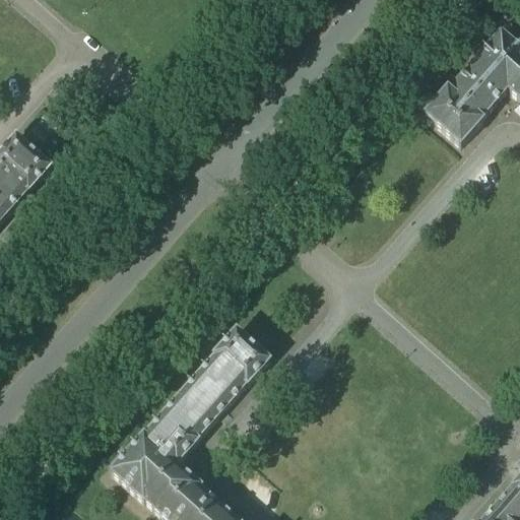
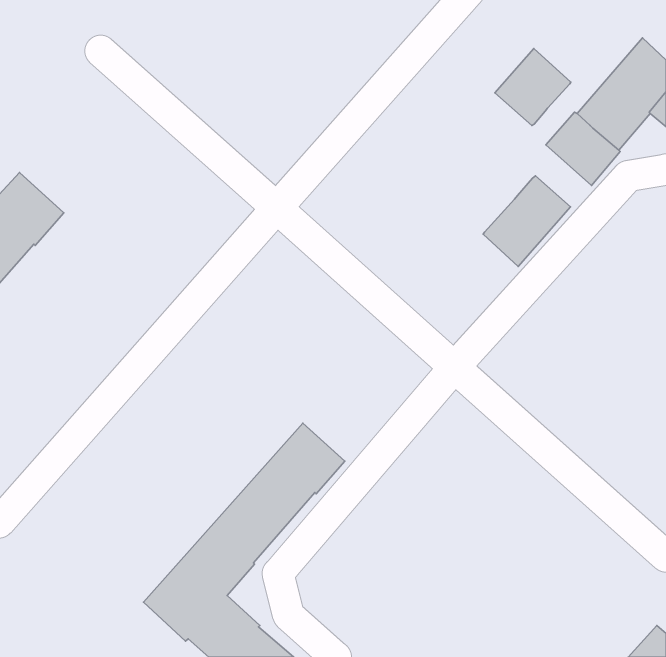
building: none -> [495,48,571,126]
building: none -> [483,176,570,266]

